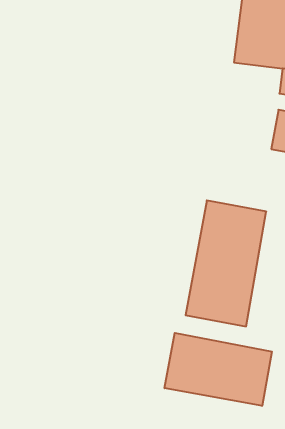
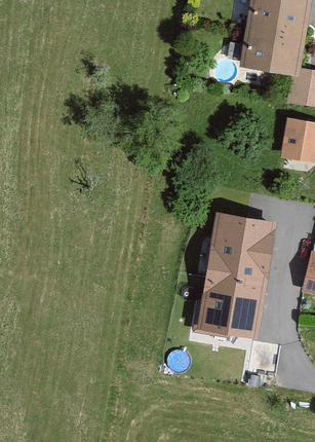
building: [165,333,272,406] -> none

